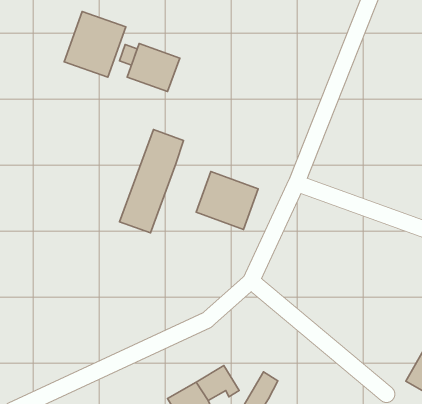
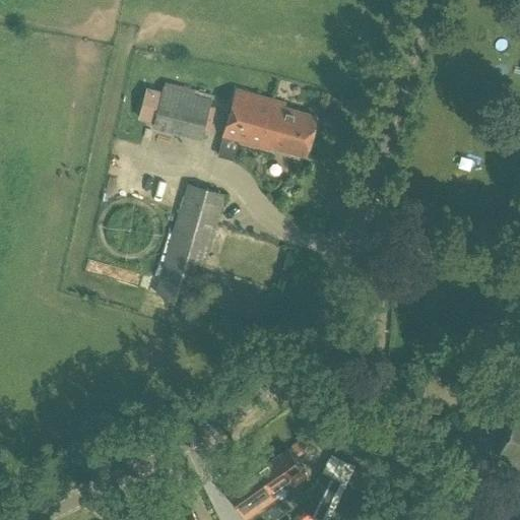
building: [64,12,126,77] -> none
building: none -> [222,89,317,156]
building: [196,172,258,229] -> none

